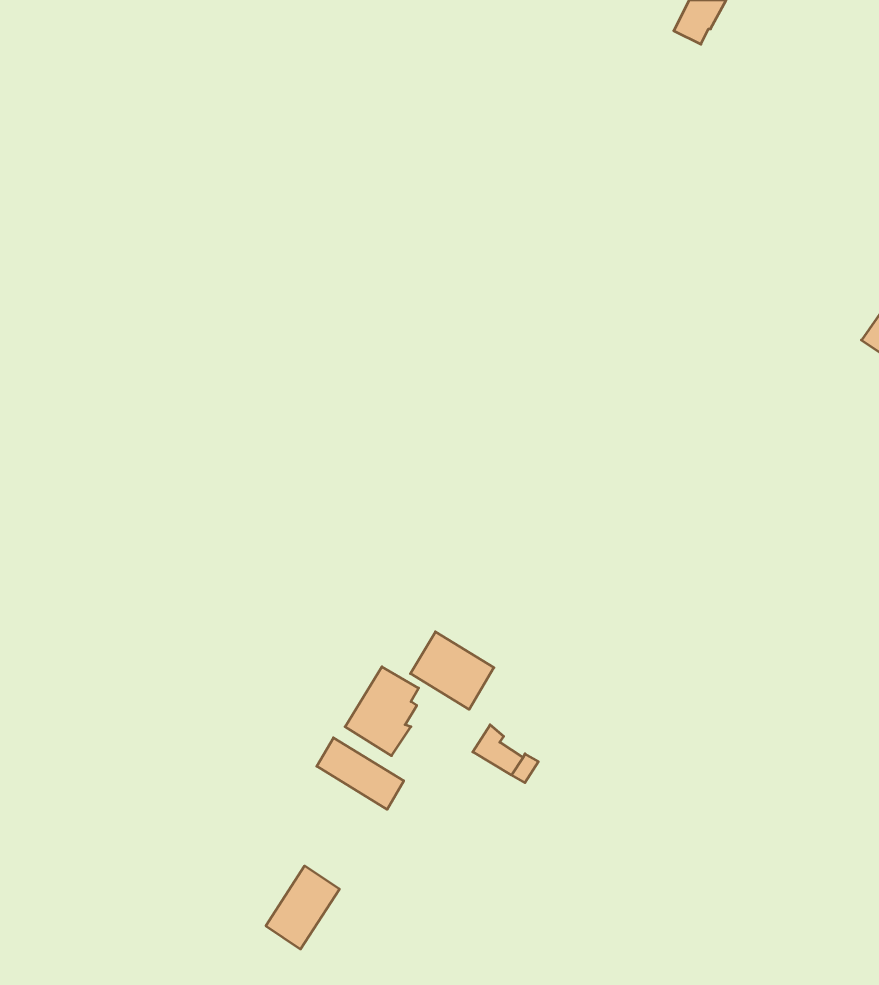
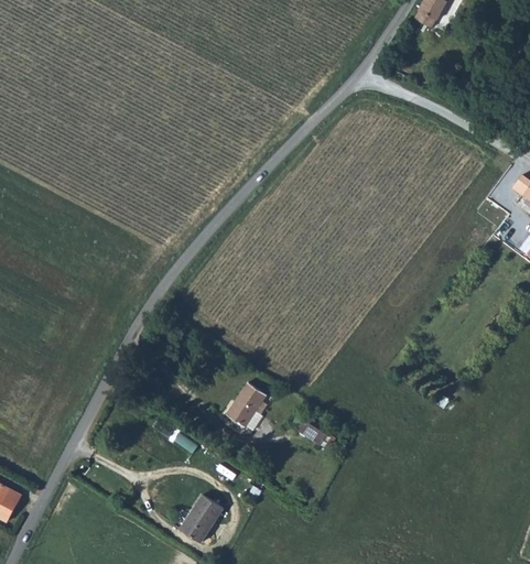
building: [410,632,494,709] -> none
building: [317,738,404,809] -> none

